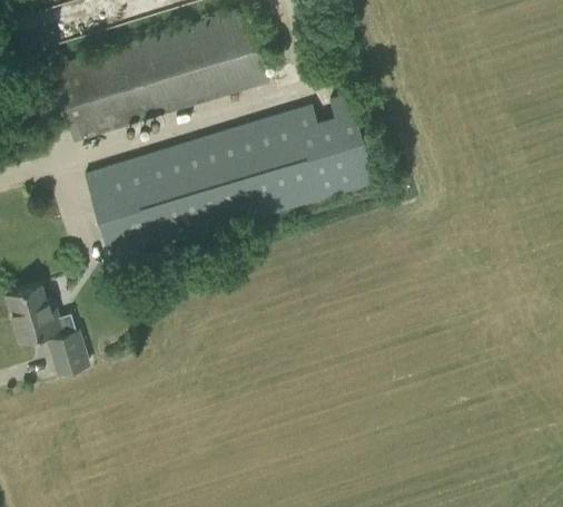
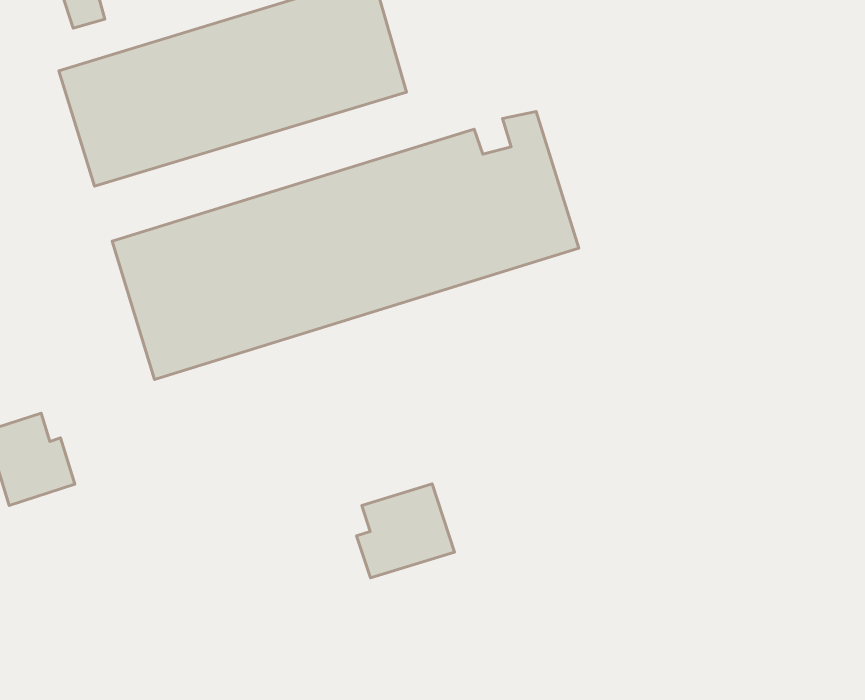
building: none -> [357,484,454,578]
building: [47,330,87,373] -> none

